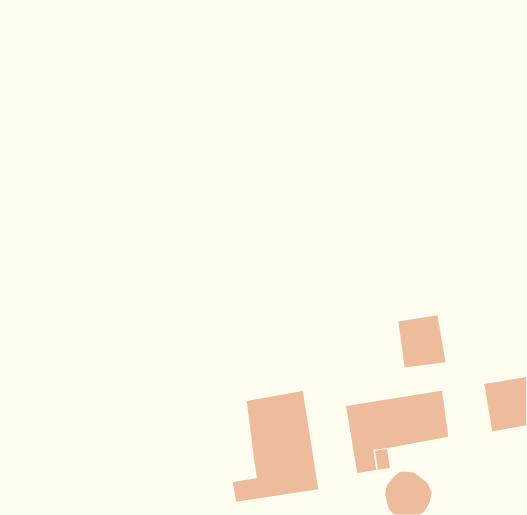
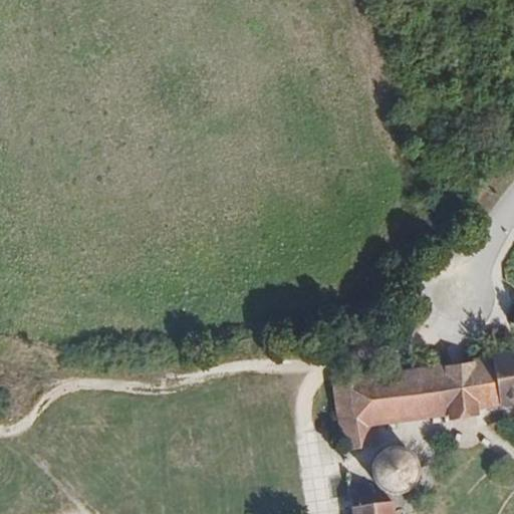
building: [398,315,446,368] -> [428,370,475,422]
building: [232,390,319,503] -> none

